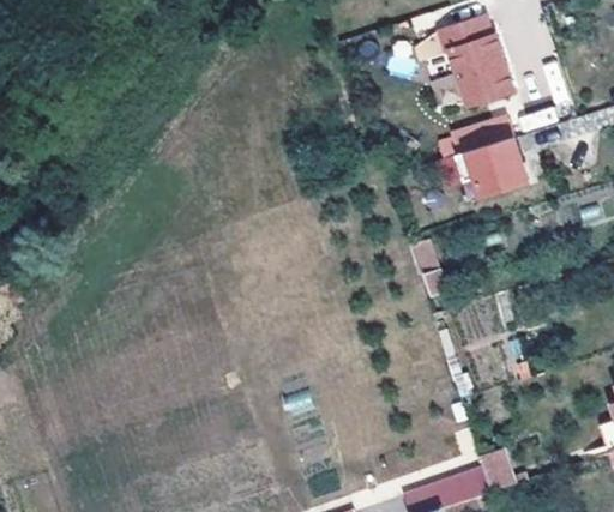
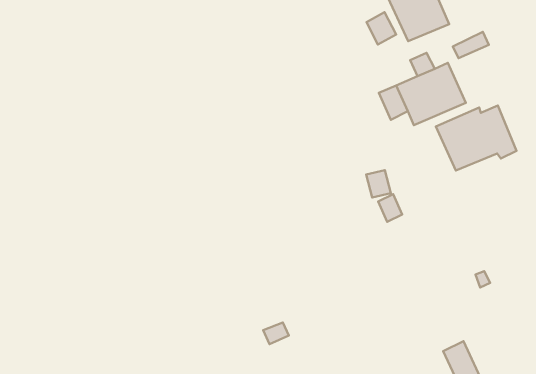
building: none -> [436,105,517,170]

